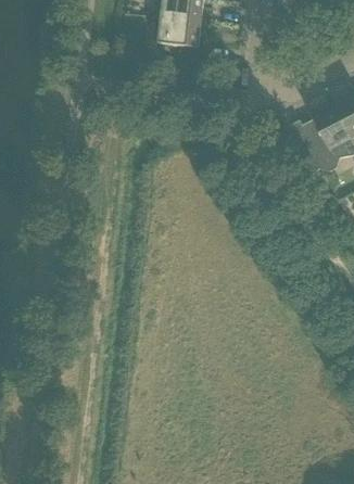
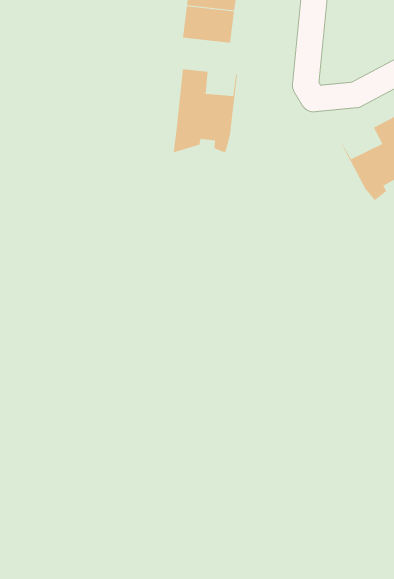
building: none -> [173,68,237,153]

